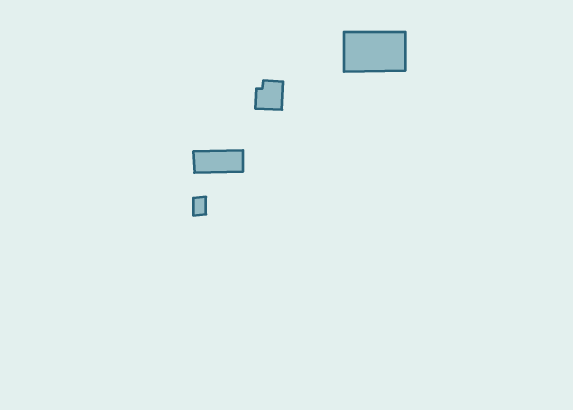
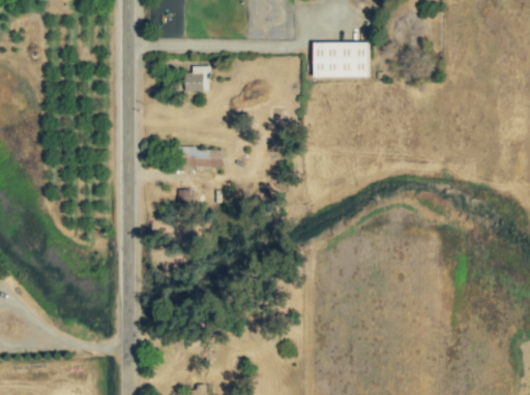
building: [255,81,283,110] -> [184,66,209,92]

